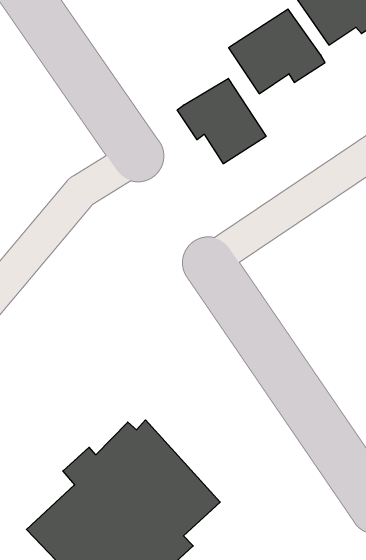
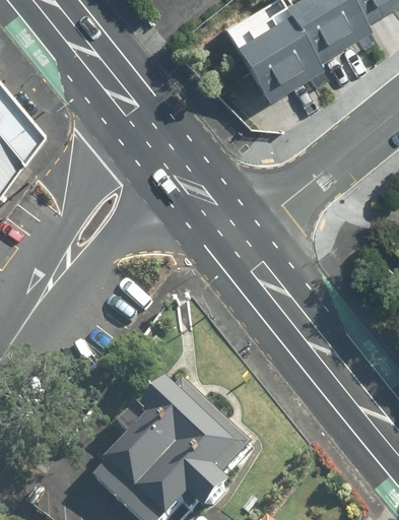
building: [177,78,266,164] -> none

